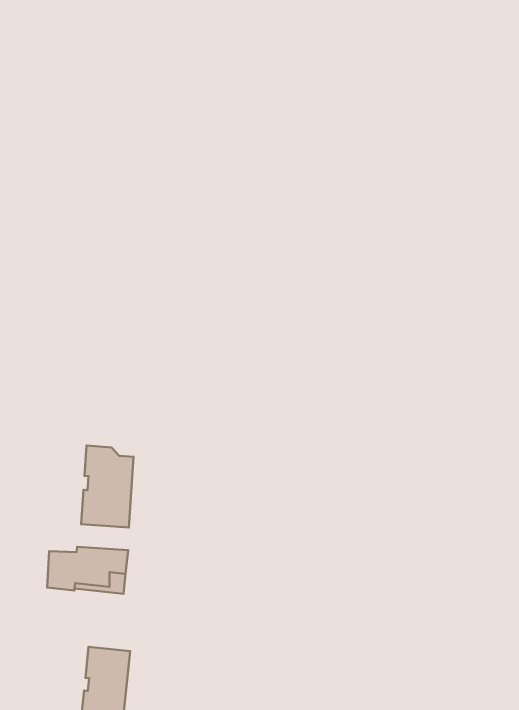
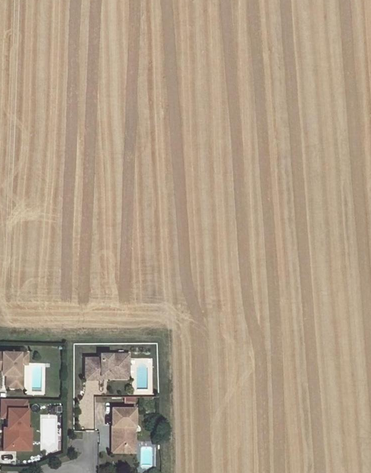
building: [81,446,134,528] -> none

